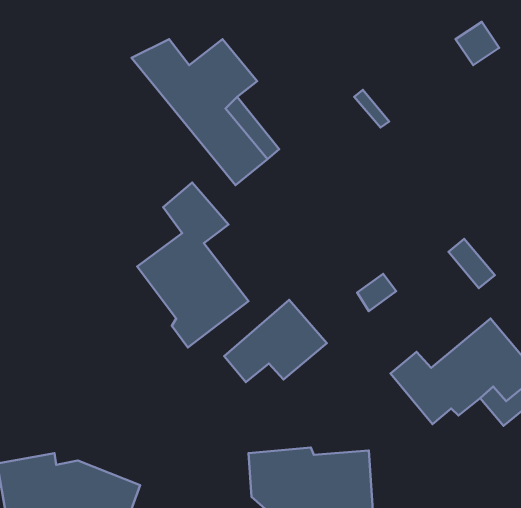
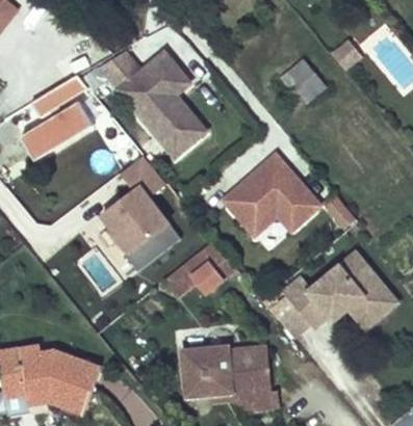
building: none -> [279,55,327,102]
building: none -> [20,73,94,160]
building: none -> [224,153,320,233]

